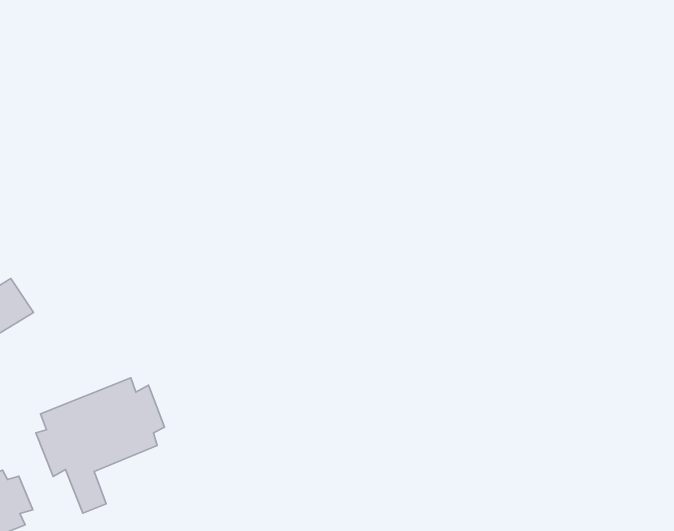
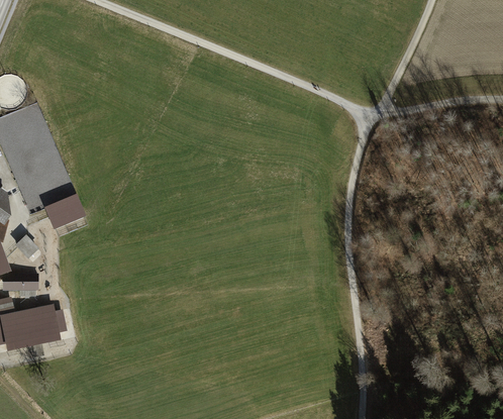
building: [36,378,165,513] -> none

